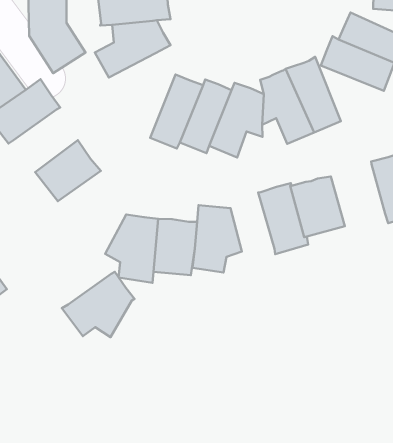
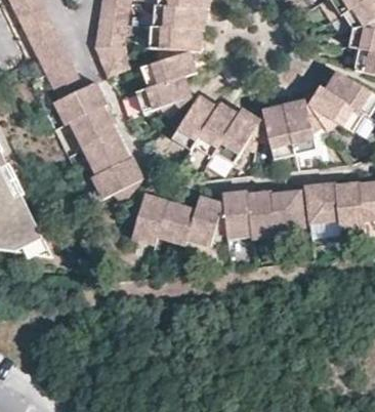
building: none -> [135,76,192,114]
building: none -> [69,106,117,150]
building: none -> [305,186,337,228]
building: none -> [221,189,250,240]
building: [62,272,134,337] -> [89,156,144,204]

